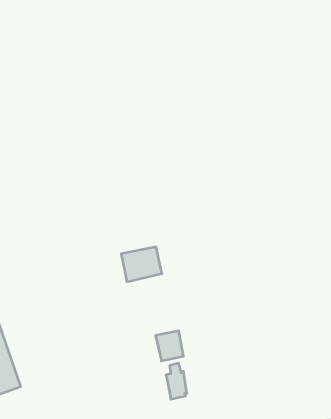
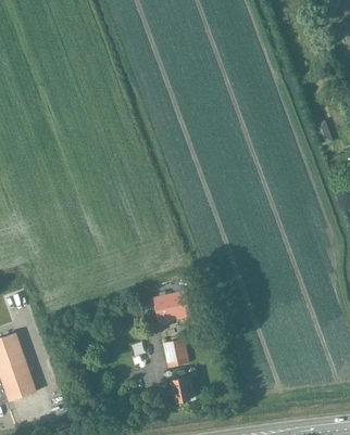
building: [121,247,162,282] -> [152,291,190,323]

